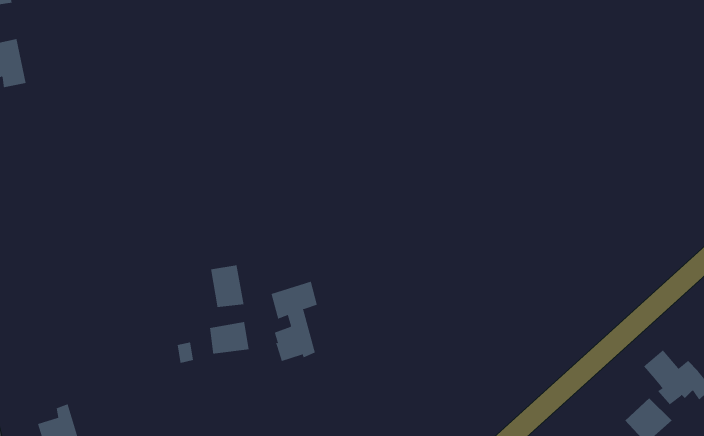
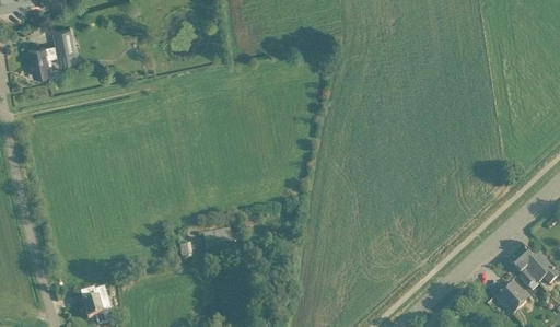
building: [211,264,244,308] -> none
building: [271,281,318,362] -> none

